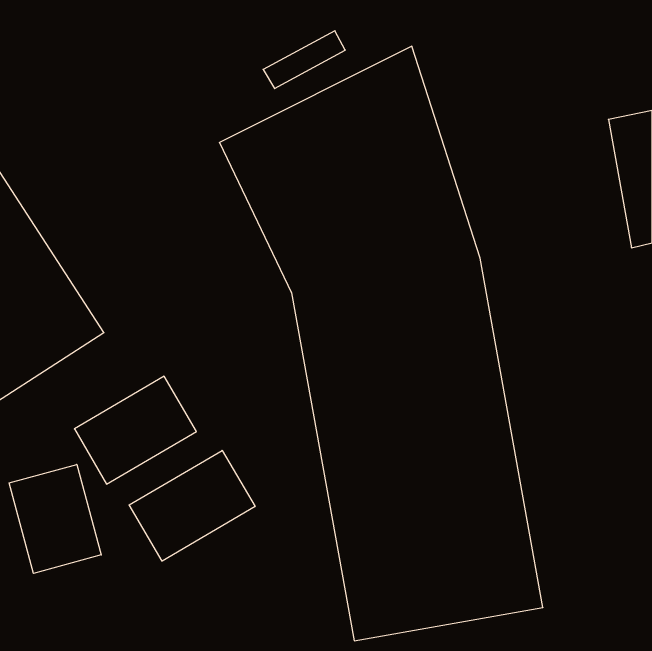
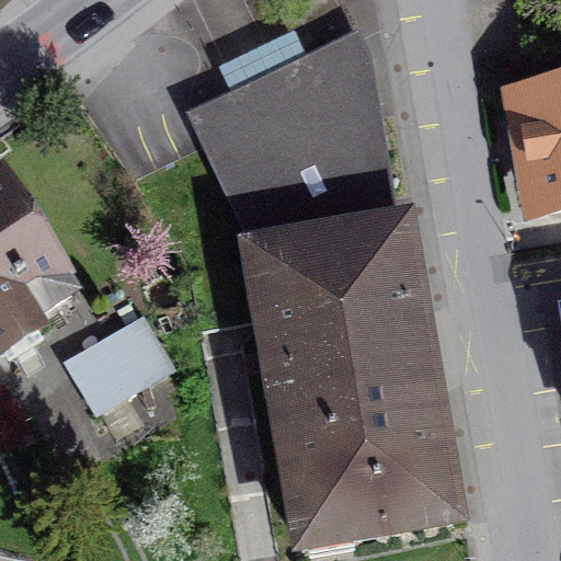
building: [129,450,255,561] -> none
building: [9,464,101,573] -> none

